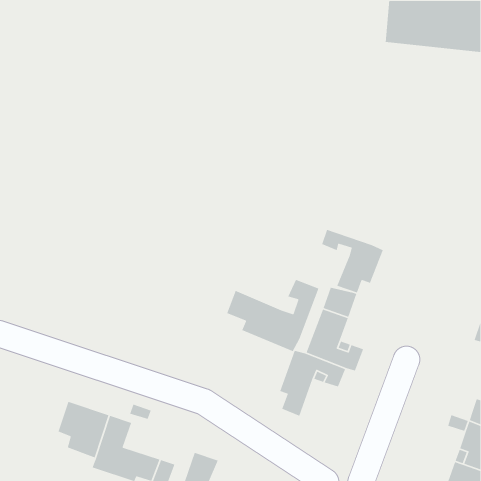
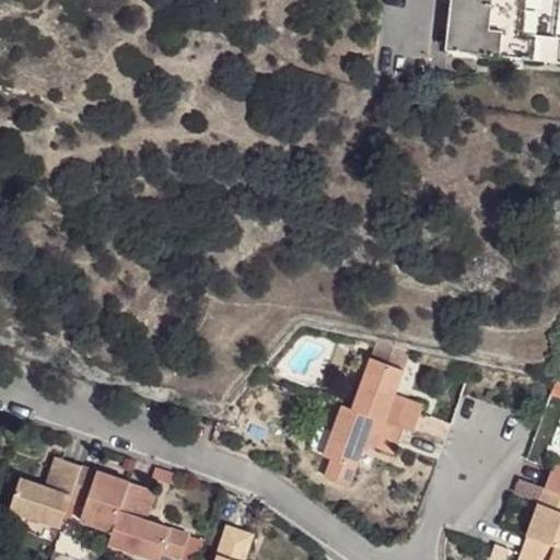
building: [321,229,384,293] -> none
building: [226,279,320,352] -> none
building: none -> [7,457,79,528]

